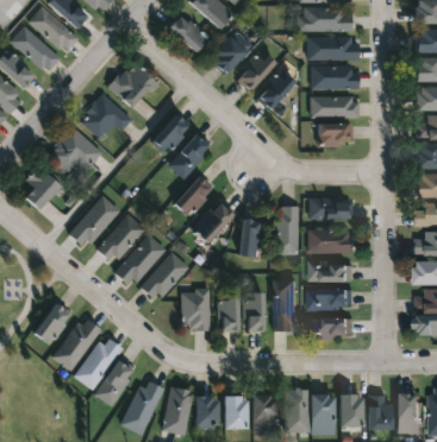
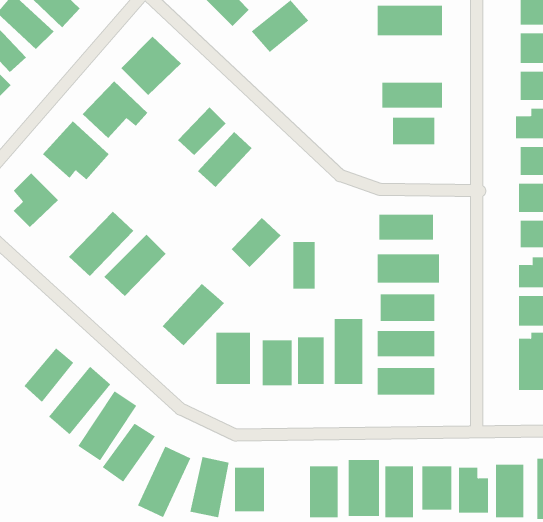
building: [235,50,274,93] -> none
building: [310,67,357,89] -> none
building: [255,71,292,111] -> none
building: [174,177,211,216] -> none
building: [275,206,296,253] -> none
building: [113,234,164,286] -> none
building: [225,394,248,428] -> none

